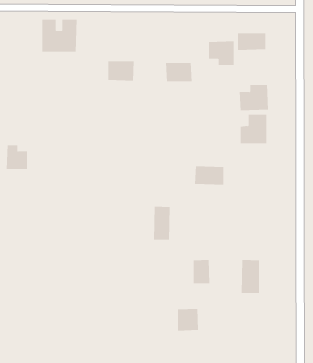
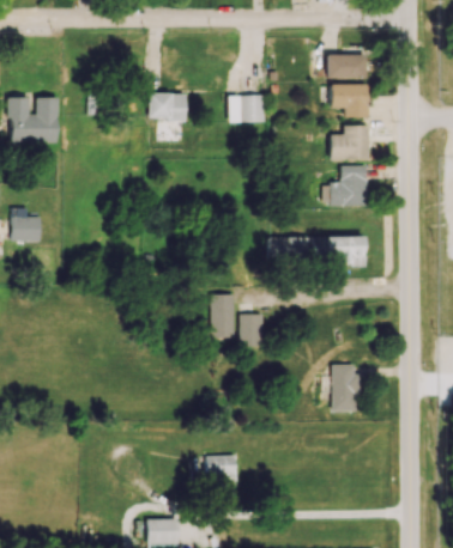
building: [41,19,77,52] -> [10,97,59,142]
building: [208,41,234,65] -> [332,83,368,116]
building: none -> [310,236,366,266]
building: [193,259,210,284] -> [241,312,265,346]
building: [177,308,199,331] -> [207,455,237,486]

